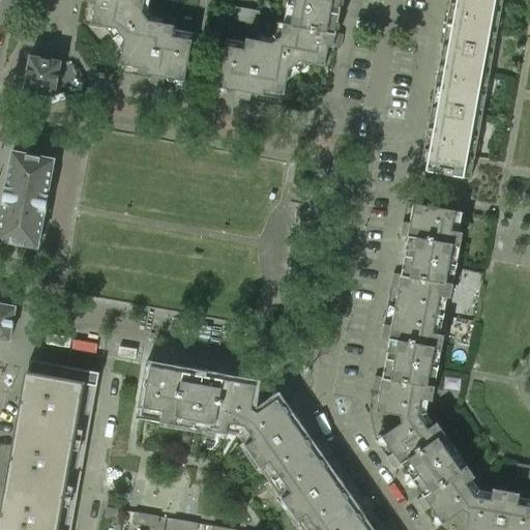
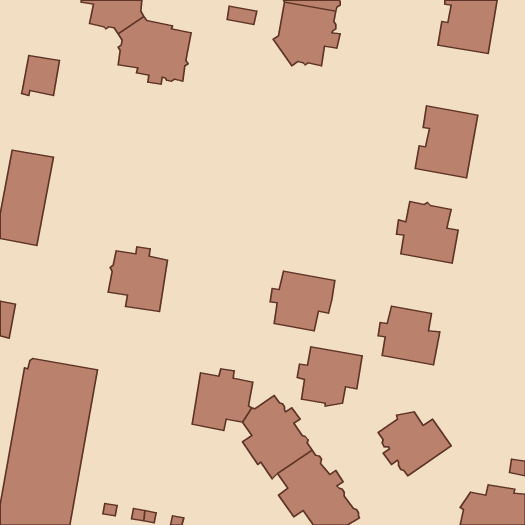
building: [216,38,294,100] -> none
building: [430,46,492,116] -> none
building: [390,256,455,316] -> [270,271,335,331]
building: [372,358,437,418] -> [297,347,362,406]
building: [142,362,202,428] -> [108,247,168,312]
building: [411,449,474,524] -> none

